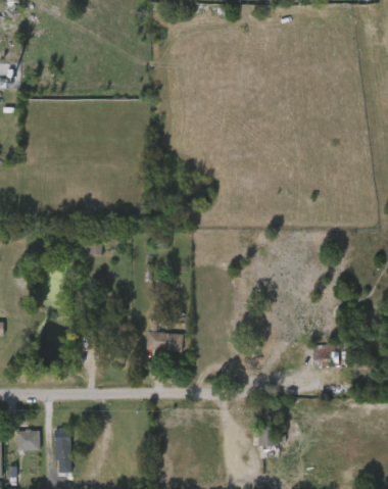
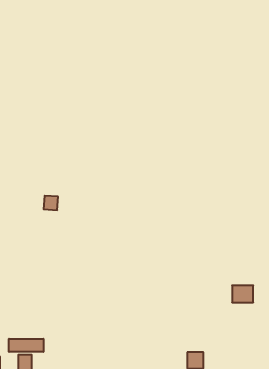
building: [147,333,184,352] -> none
building: none -> [9,339,43,352]

